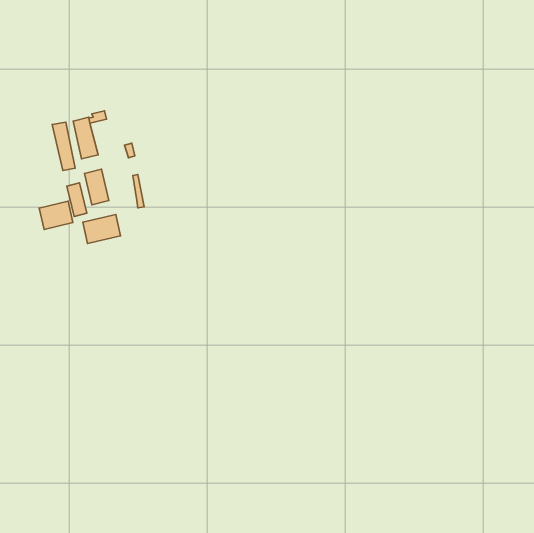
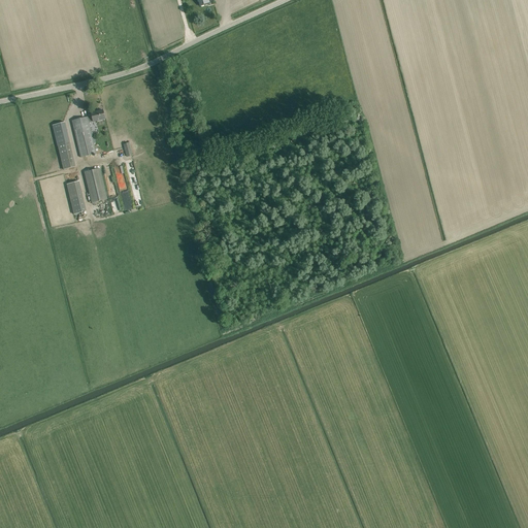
building: [39,201,73,229] -> none
building: [83,214,121,244] -> none

